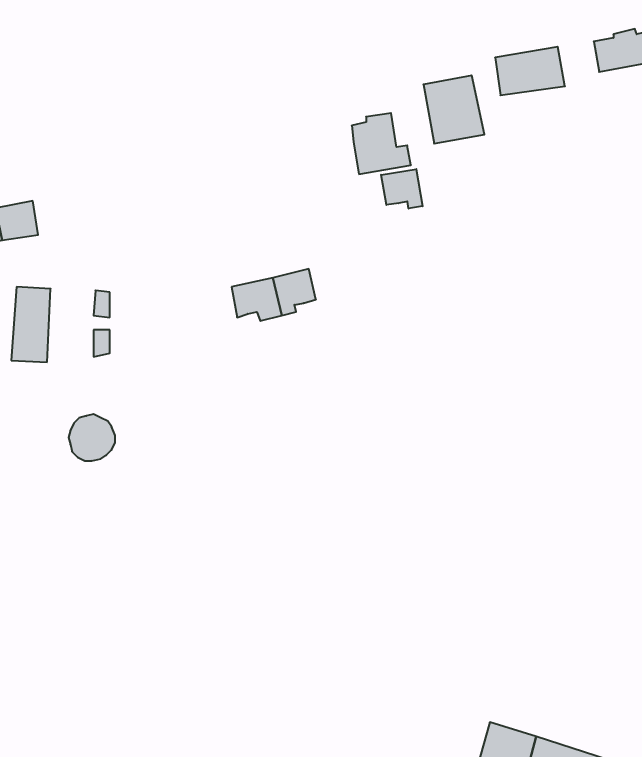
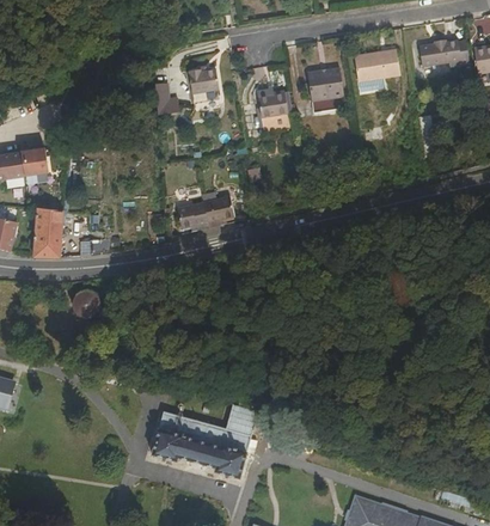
building: none -> [188,68,220,93]
building: none -> [155,82,180,114]
building: [381,169,423,209] -> none
building: none -> [152,405,255,479]

